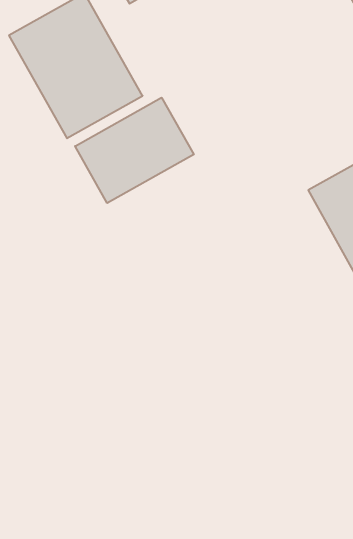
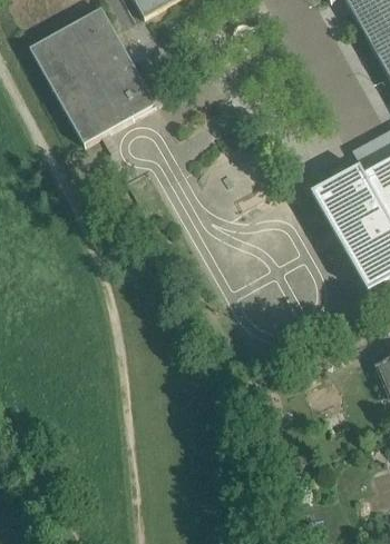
building: [75,98,194,203] -> none

